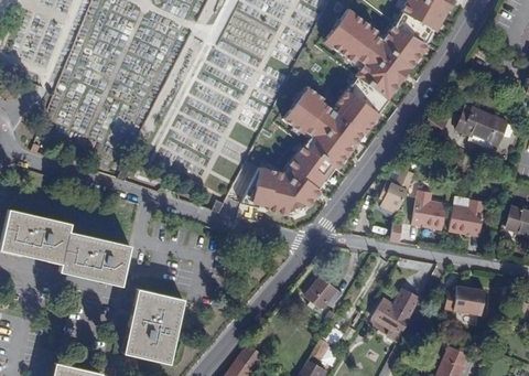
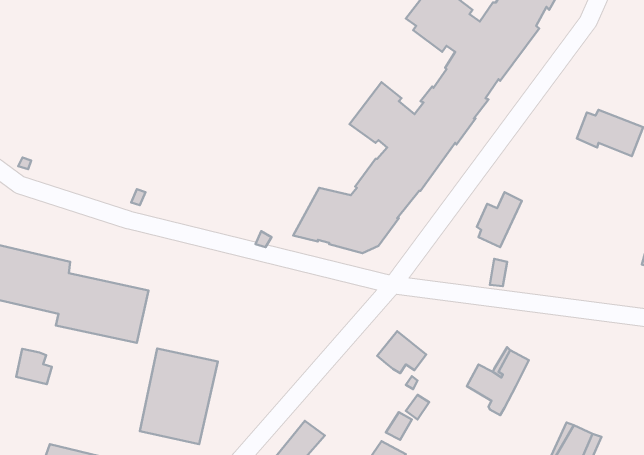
building: [412,190,447,230] -> none
building: [450,196,486,237] -> none
building: [445,287,485,315] -> none
building: none -> [16,349,52,384]

